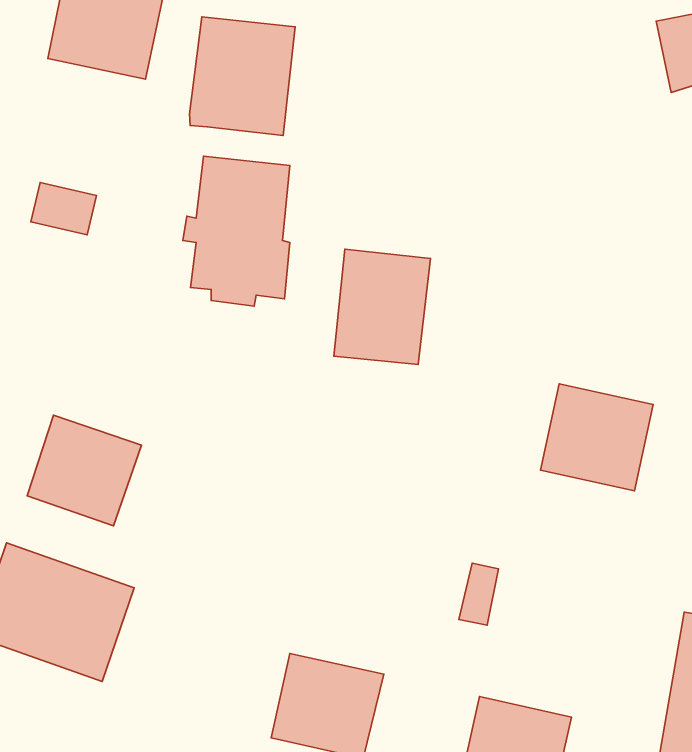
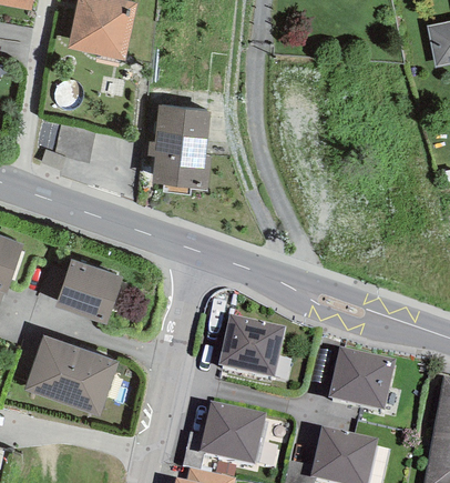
building: [190,17,295,135] -> none
building: [334,249,431,364] -> none
building: [541,384,653,491] -> [329,345,396,409]
building: none -> [218,313,285,375]

